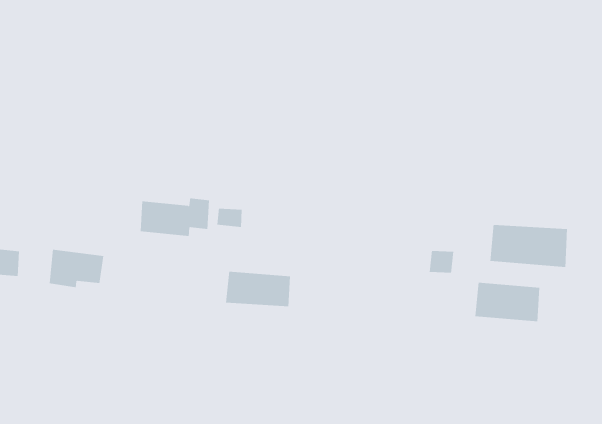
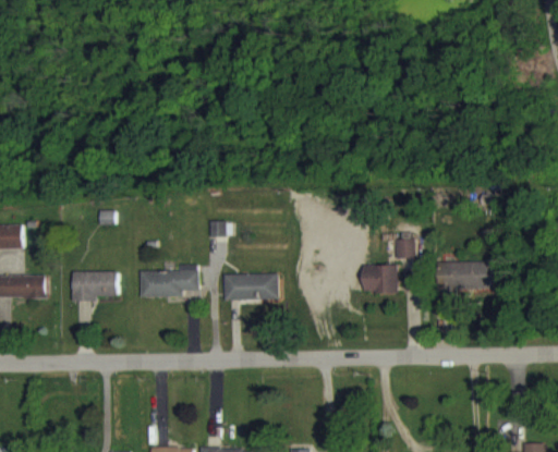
building: [140,198,210,237] -> [138,265,197,297]
building: [490,224,567,268] -> none
building: none -> [362,265,396,293]

